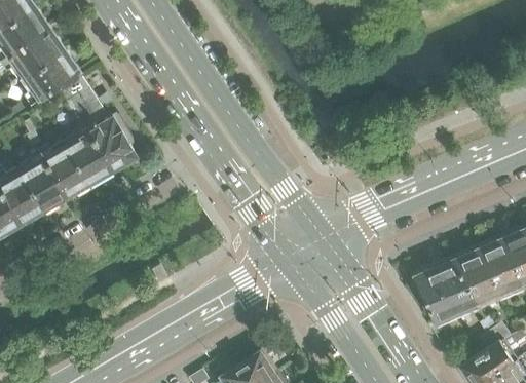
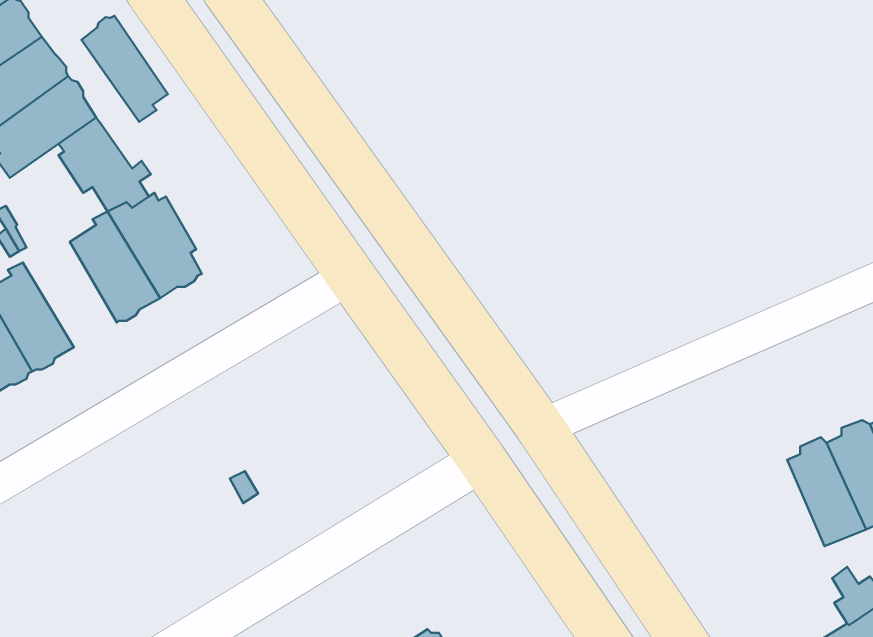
building: none -> [81,16,168,122]
building: [40,140,91,197] -> none
building: [414,259,478,323] -> none

